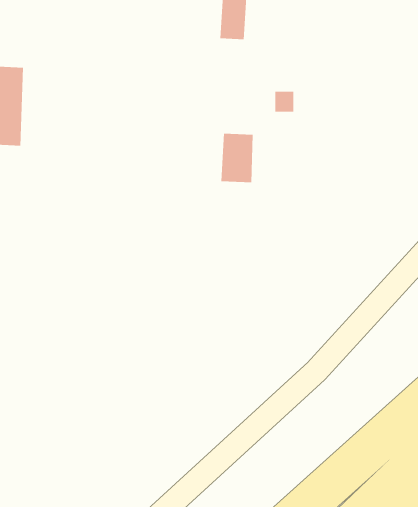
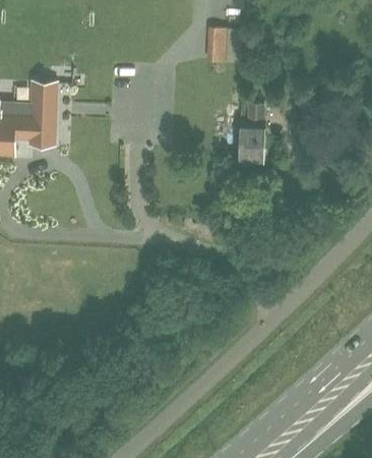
building: [221,133,253,183] -> [238,125,263,164]

